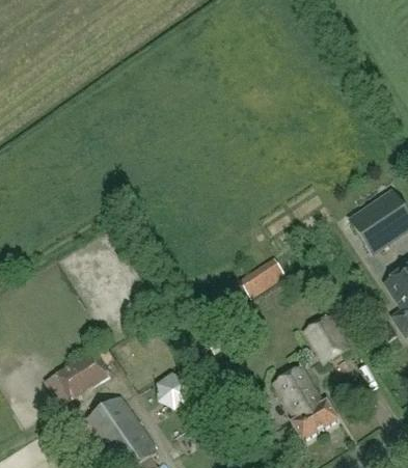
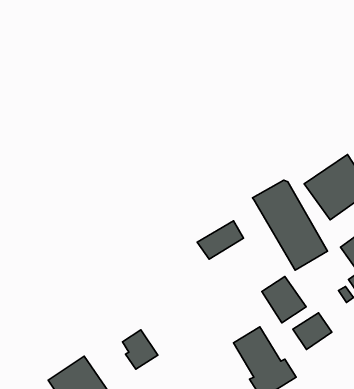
building: none -> [253,180,328,270]
building: [48,350,116,405] -> none
building: none -> [293,313,332,350]

